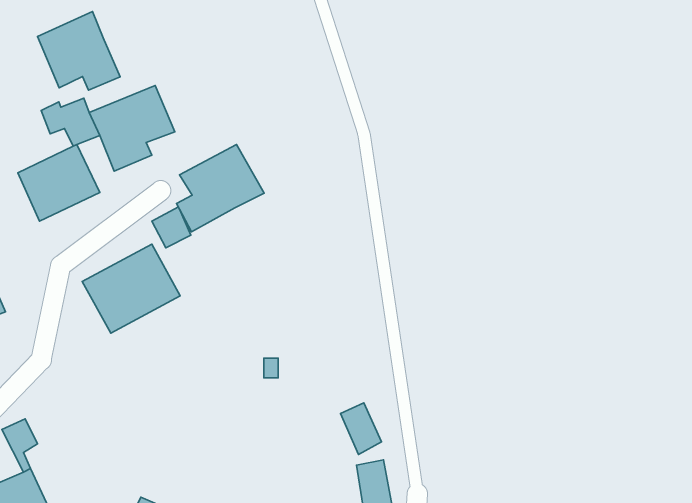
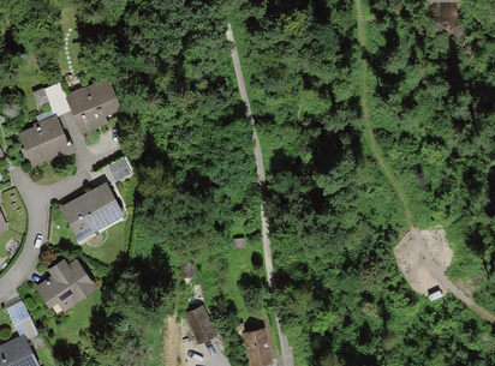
building: [37,12,120,90] -> none
building: [177,144,264,232] -> none
building: none -> [36,259,99,319]
building: [341,403,382,454] -> [186,305,214,340]

